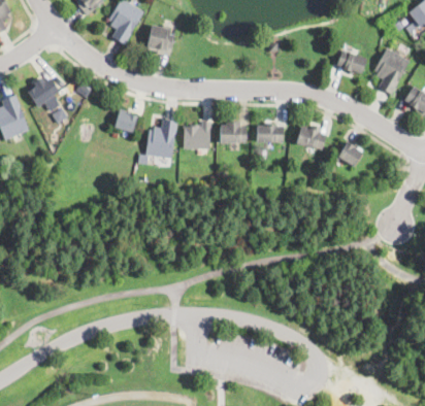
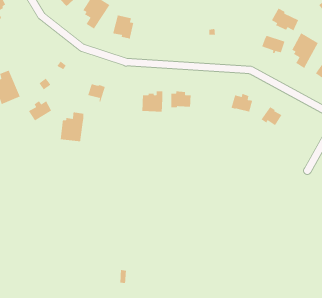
building: none -> [271,7,299,31]
building: [28,78,59,105] -> [28,100,52,121]
building: [146,120,177,159] -> [60,112,84,142]
building: [257,125,284,143] -> none

